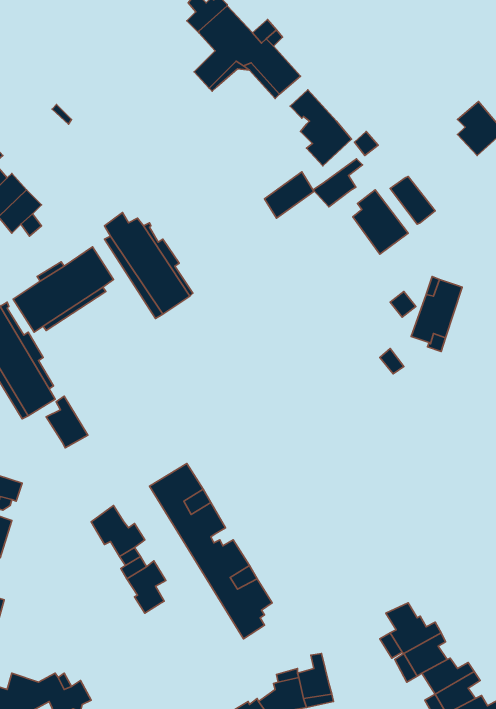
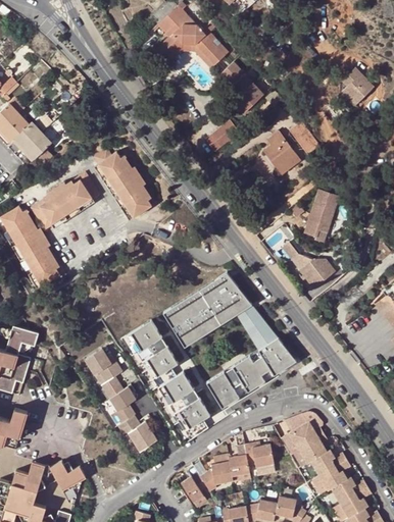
building: [313,159,363,207] -> none
building: none -> [300,258,336,286]
building: [46,396,88,448] -> none
building: none -> [163,273,296,407]
building: none -> [118,414,157,450]
building: none -> [243,447,274,470]

